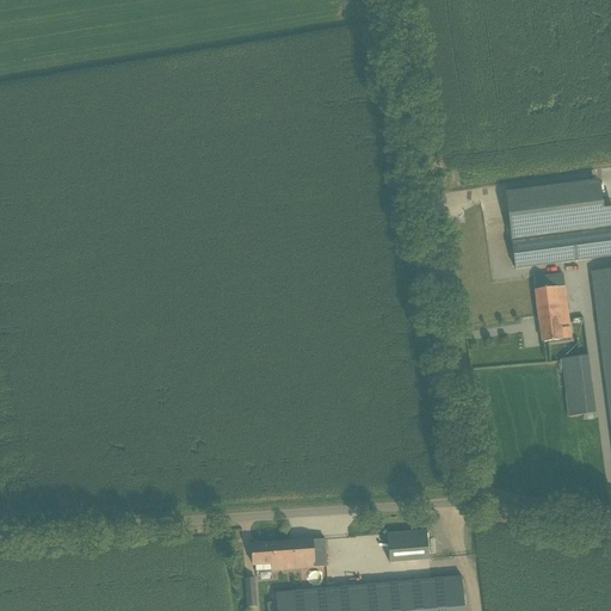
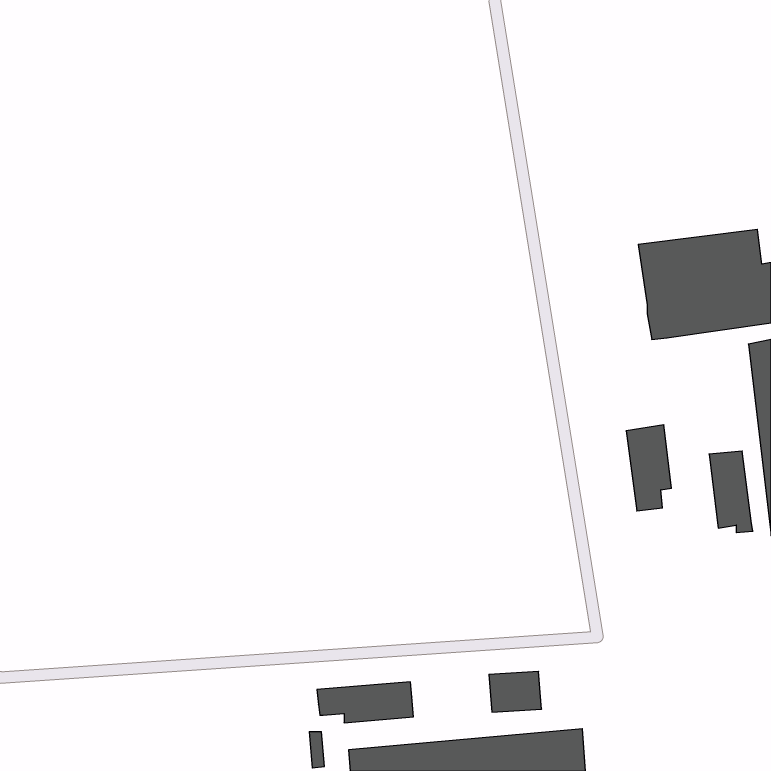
building: [533,274,569,342] -> [626,425,671,511]

